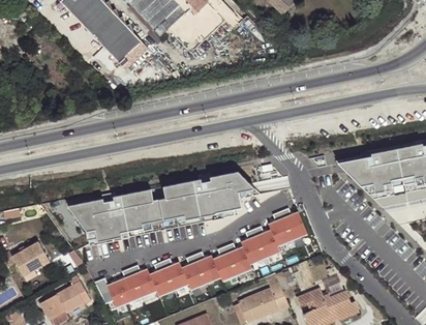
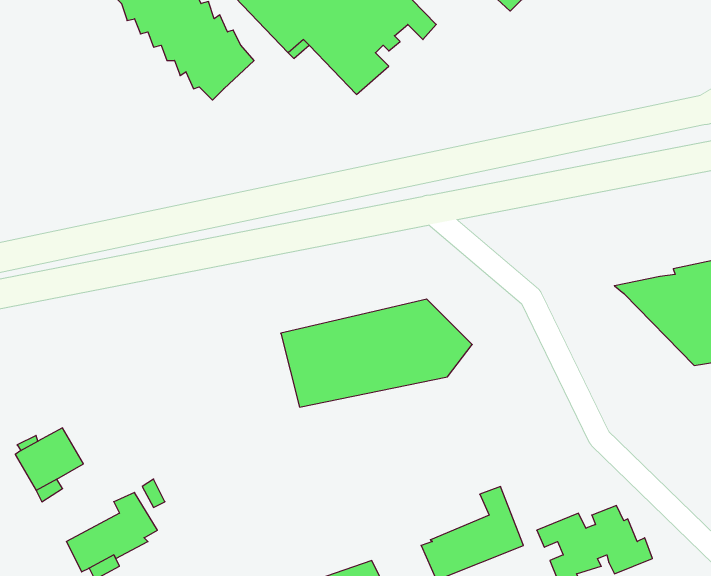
building: [67,189,166,247] -> none
building: [101,211,306,316] -> none

